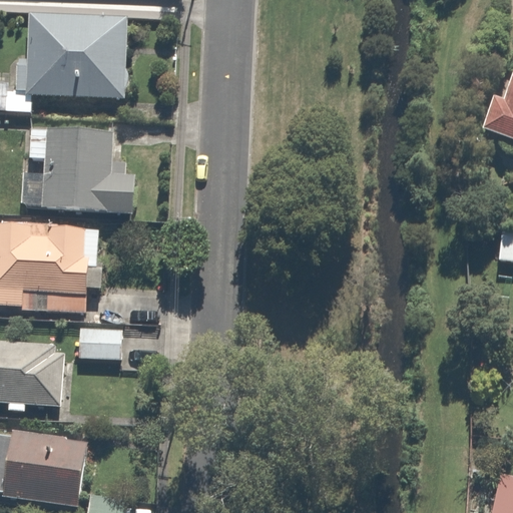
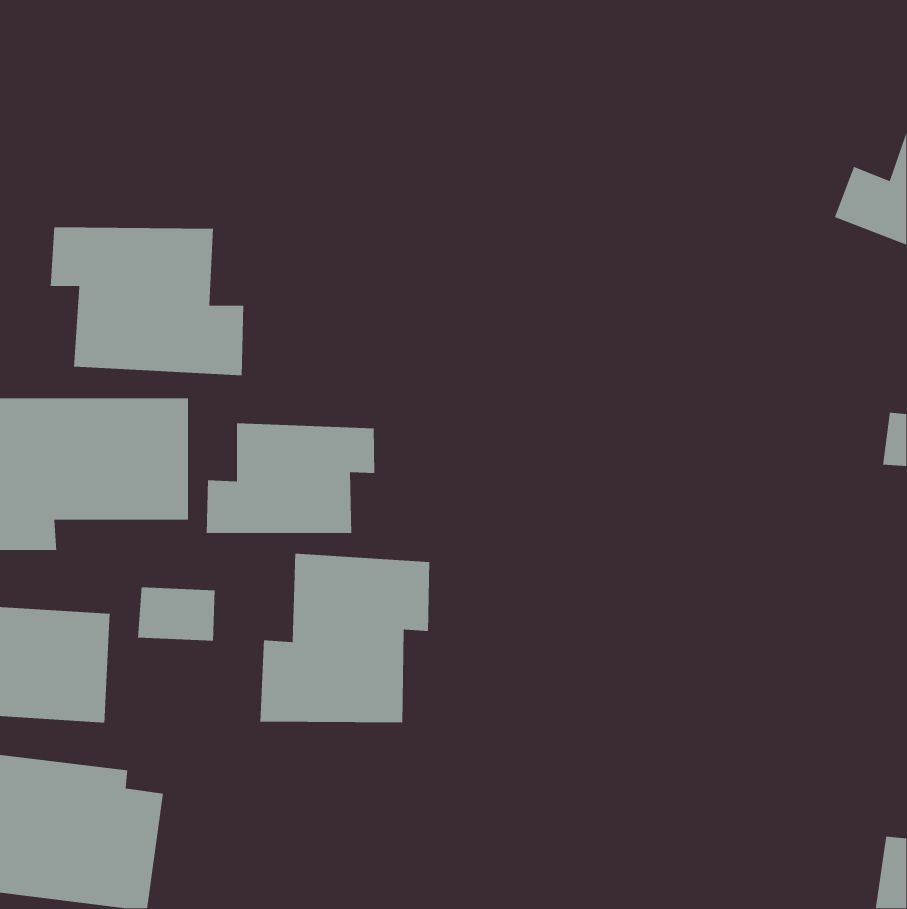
building: [21,12,130,98] -> none
building: none -> [206,423,375,534]
building: none -> [259,553,430,723]

